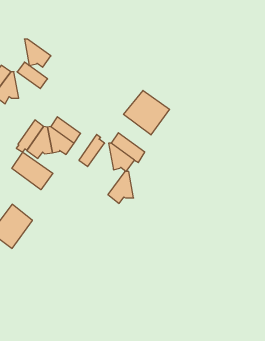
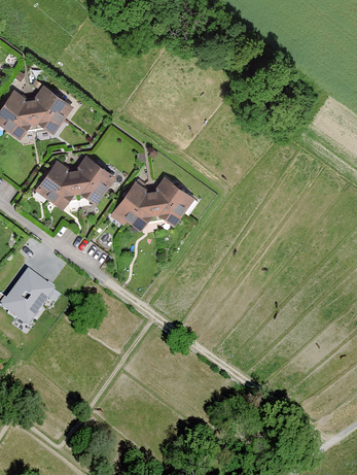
building: [24,39,51,67] -> [30,98,64,134]
building: [124,90,170,135] -> none
building: [12,152,53,190] -> none
building: [108,171,134,203] -> [124,190,157,231]

